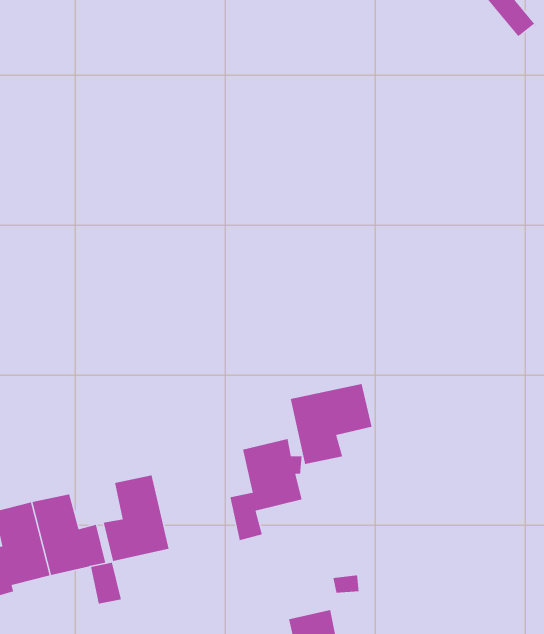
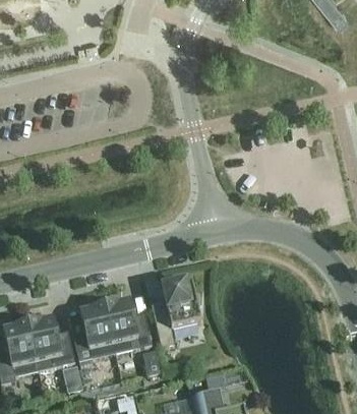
building: [290,383,372,465] -> none
building: none -> [103,300,151,354]

